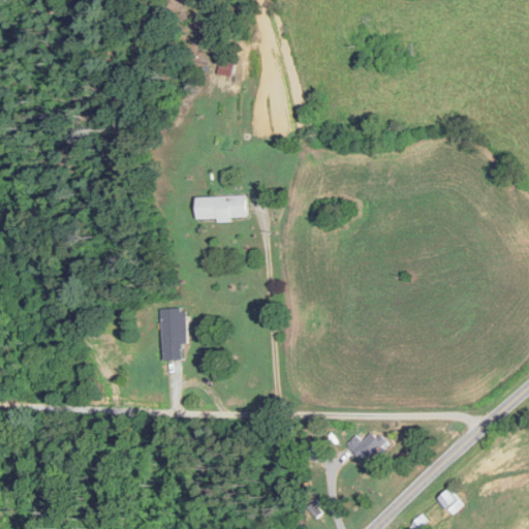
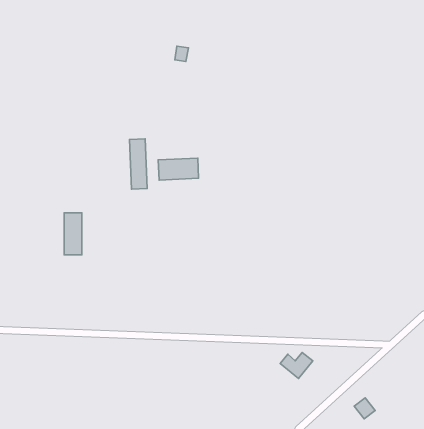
building: none -> [129,139,147,189]
building: [162,308,184,360] -> [64,213,82,255]

